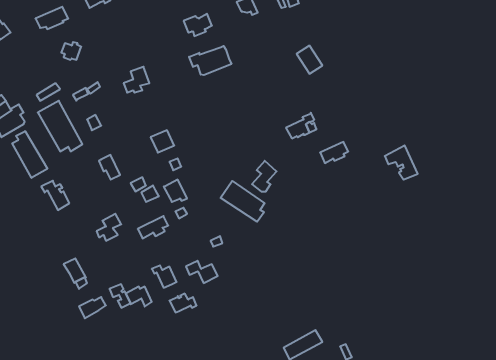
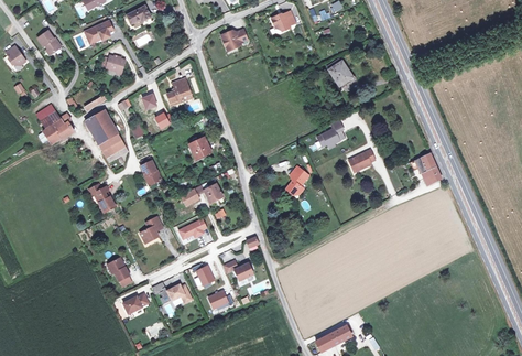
building: [189,46,231,75] -> none
building: [12,131,47,178] -> none
building: [221,181,265,222] -> none

